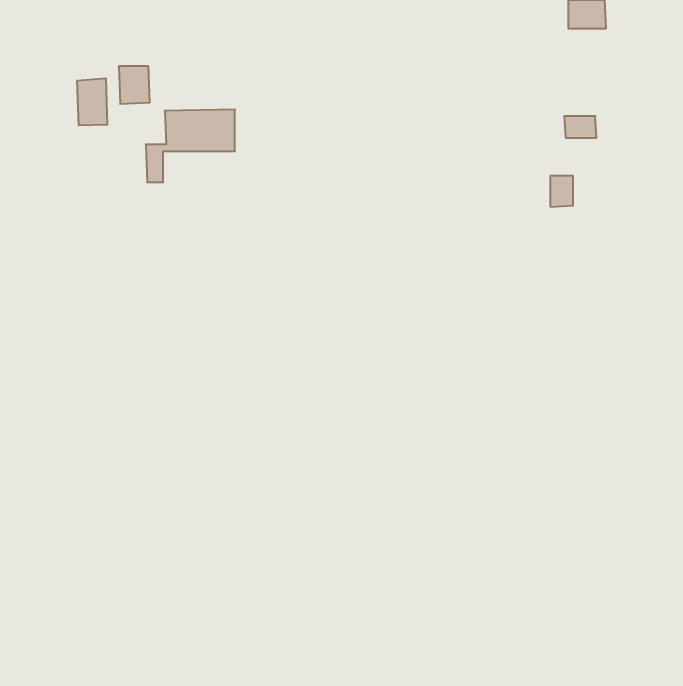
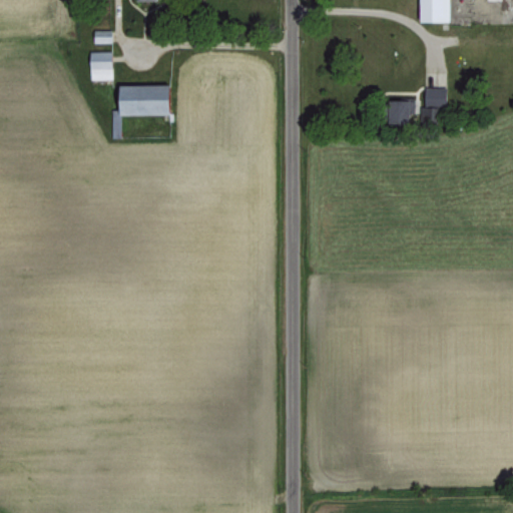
building: [77,78,107,125] -> none
building: [550,176,573,207] -> [393,100,410,123]

